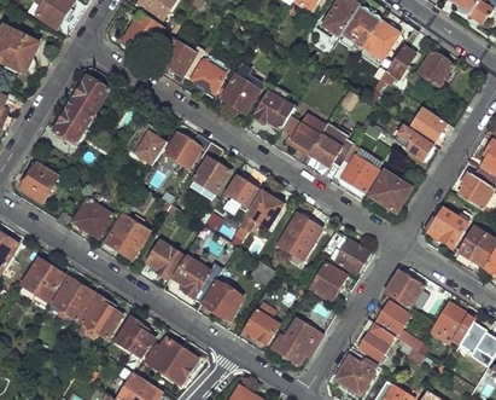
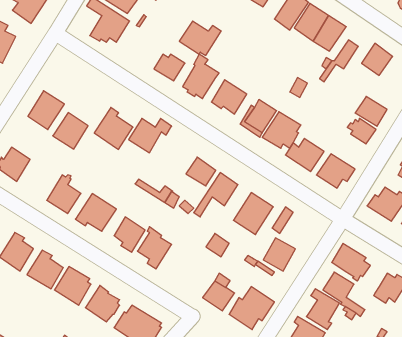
building: [159,40,205,77] -> [179,21,221,55]
building: [70,77,109,117] -> [53,113,88,149]
building: [192,141,229,196] -> none
building: [335,237,370,273] -> none
building: [203,273,241,321] -> none

